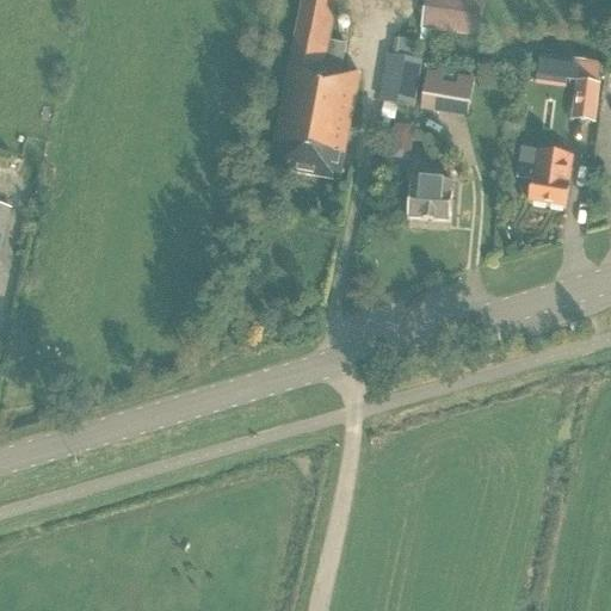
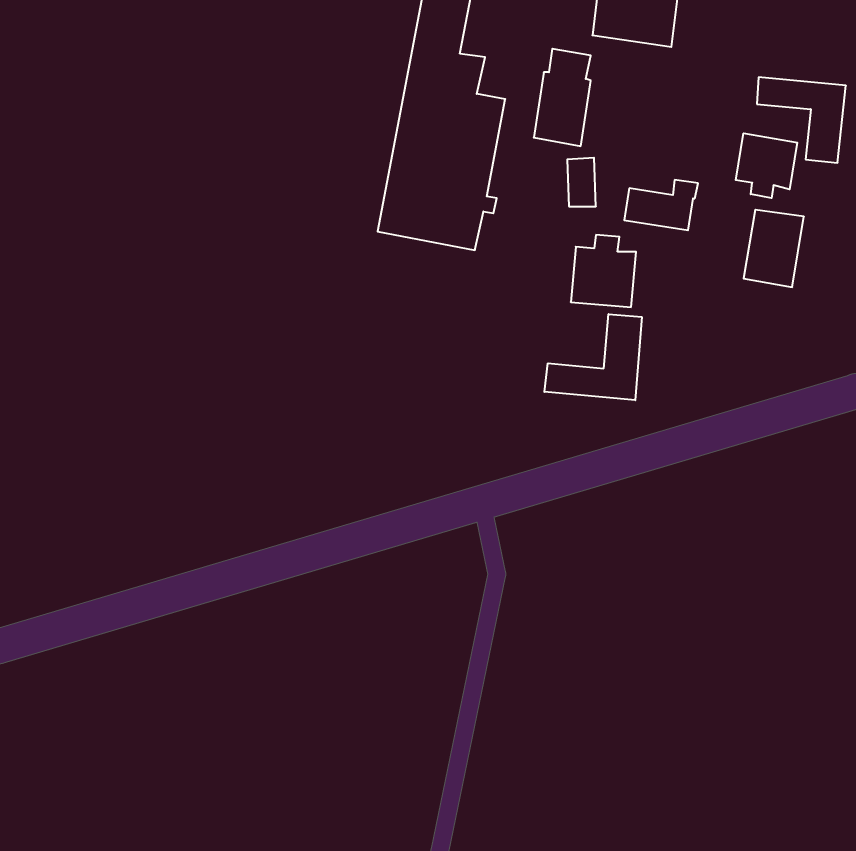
building: [421,73,474,109] -> [624,180,698,230]
building: none -> [736,133,797,198]
building: none -> [544,314,642,400]

